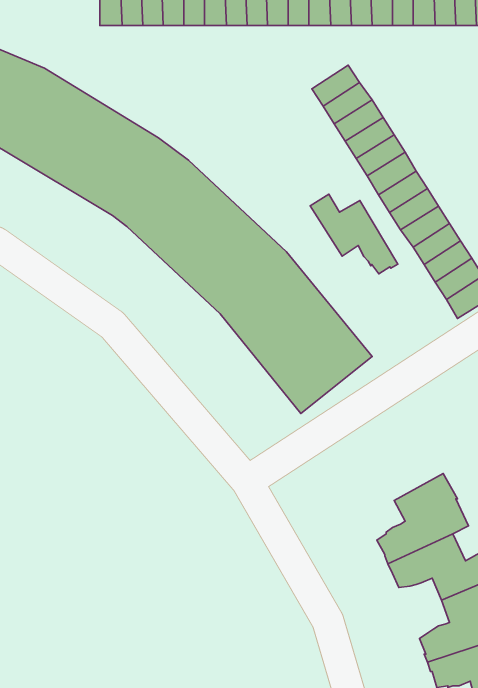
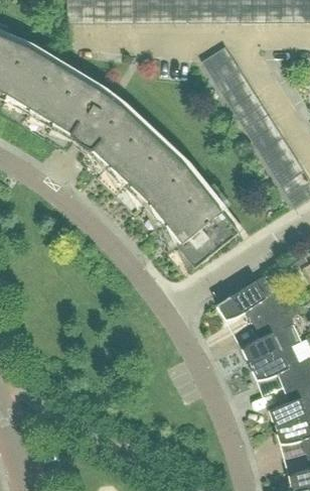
building: [310,194,398,274] -> none
building: none -> [216,279,285,323]

